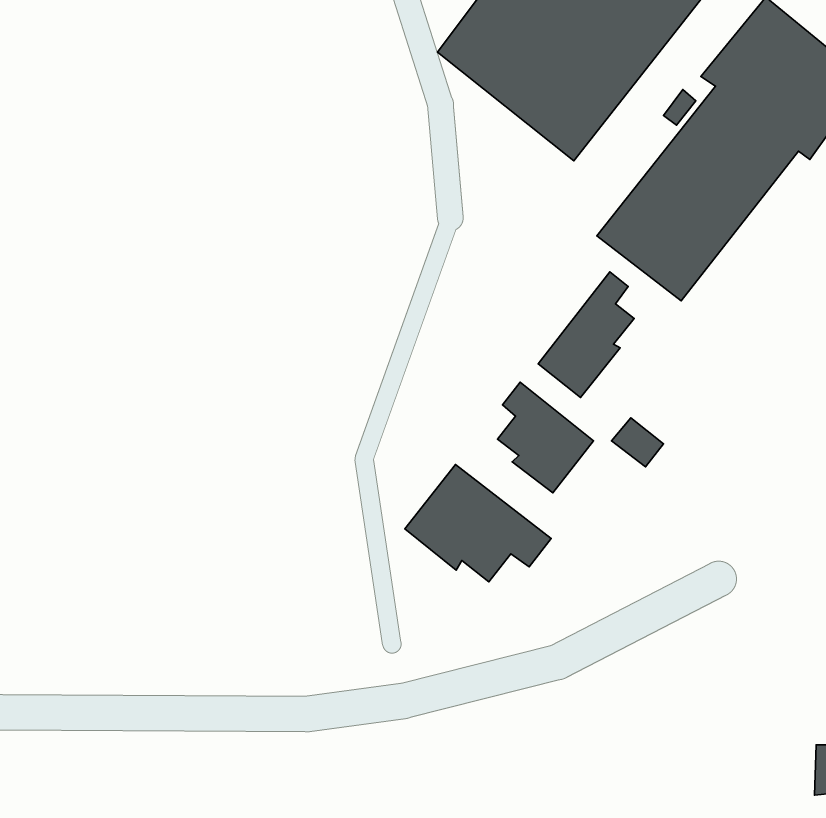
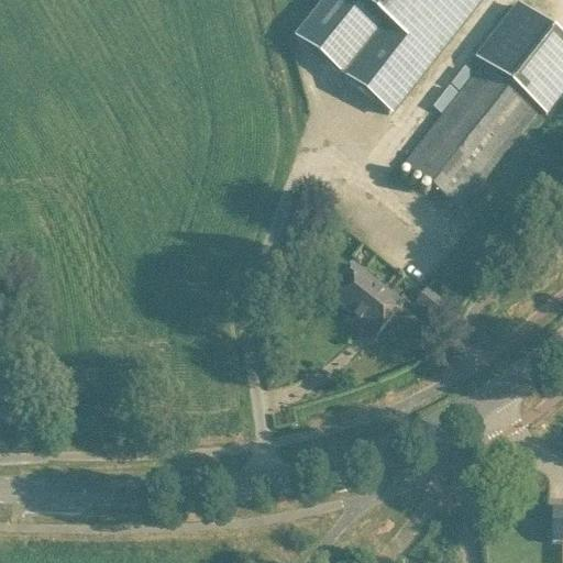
building: [538,272,634,397] -> none
building: [405,465,551,582] -> none

